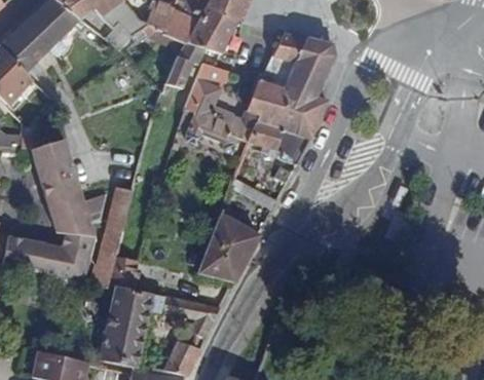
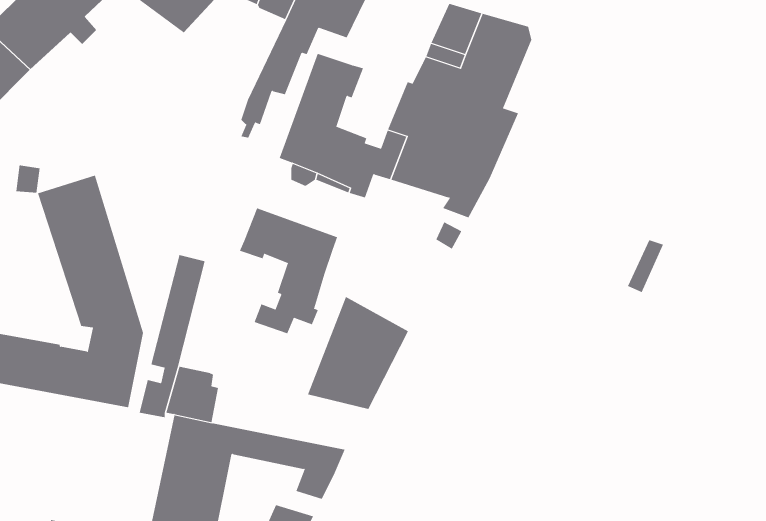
building: none -> [239,207,338,334]

